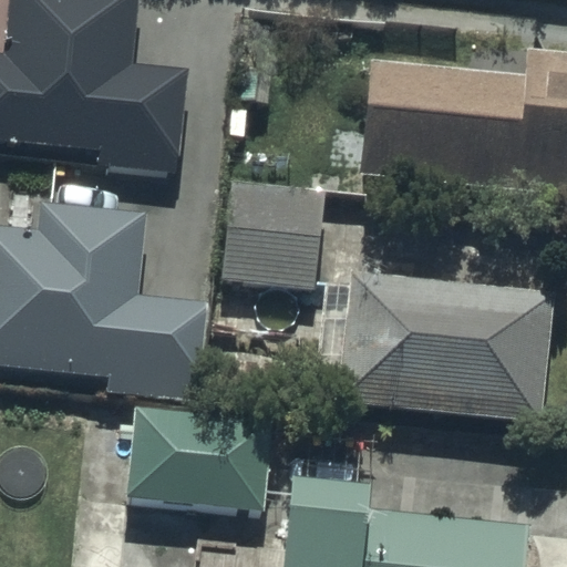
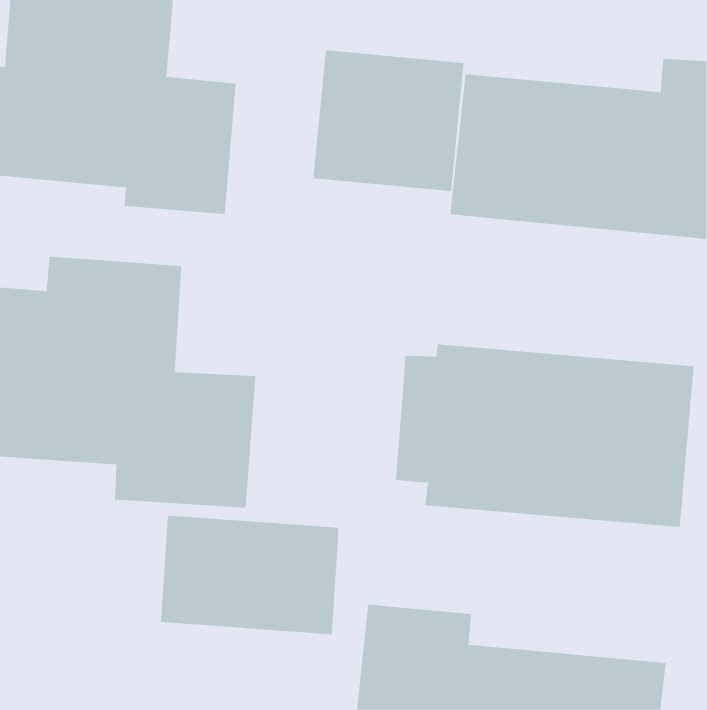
building: none -> [313,49,464,192]
building: [221,187,323,290] -> none

